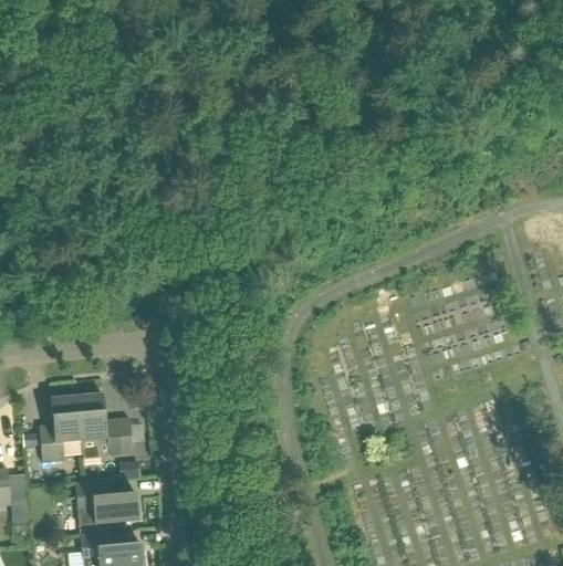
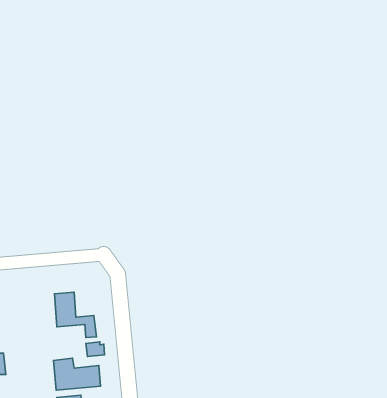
building: [41,396,82,462] -> none

